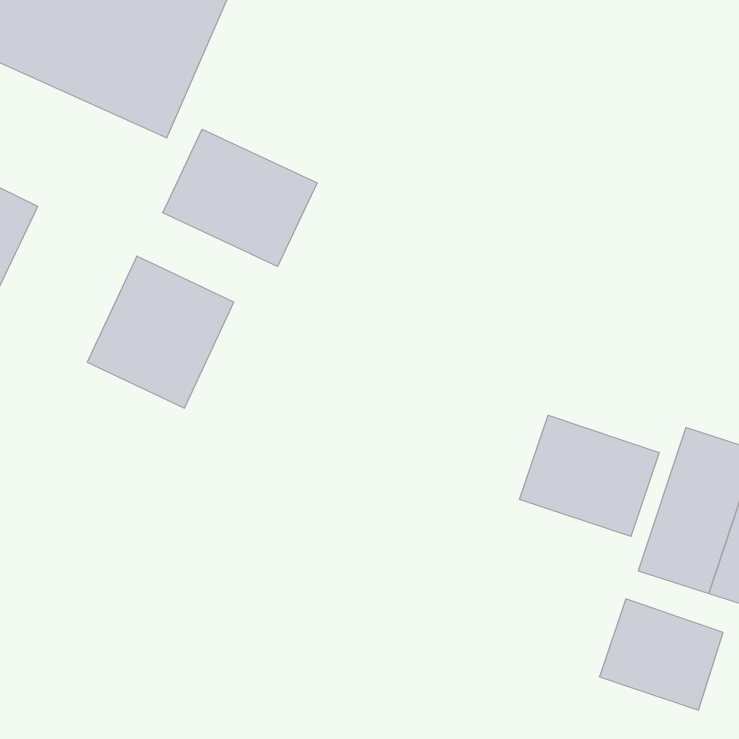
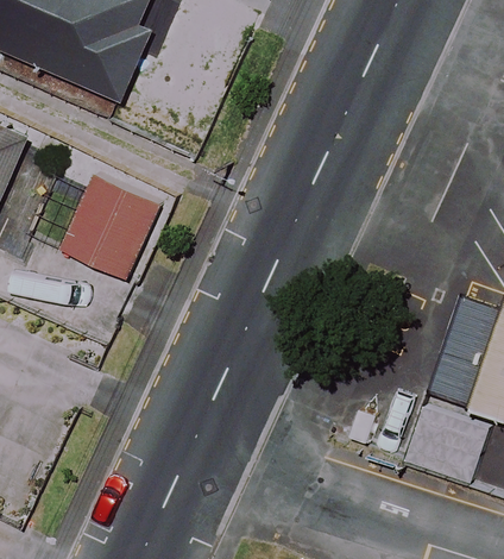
building: [163,129,317,266] -> none
building: [520,415,659,536] -> none

